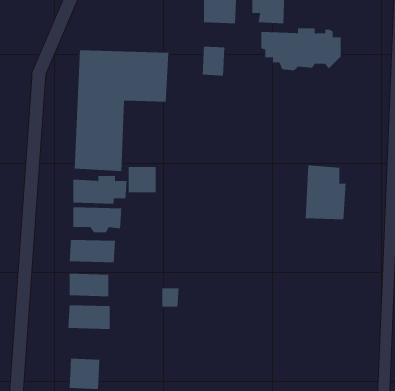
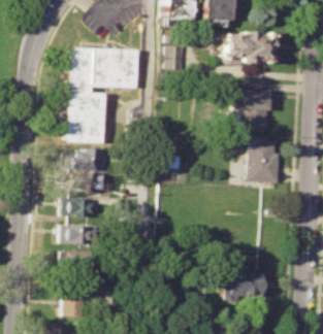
building: none -> [233,80,269,128]
building: [128,166,156,193] -> none
building: none -> [230,272,267,297]

